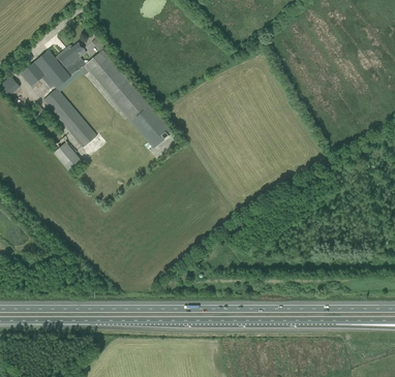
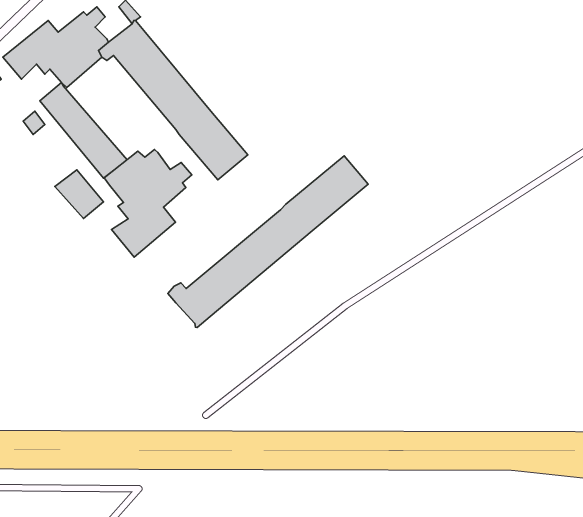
building: none -> [104,150,192,257]
building: none -> [168,156,368,327]

